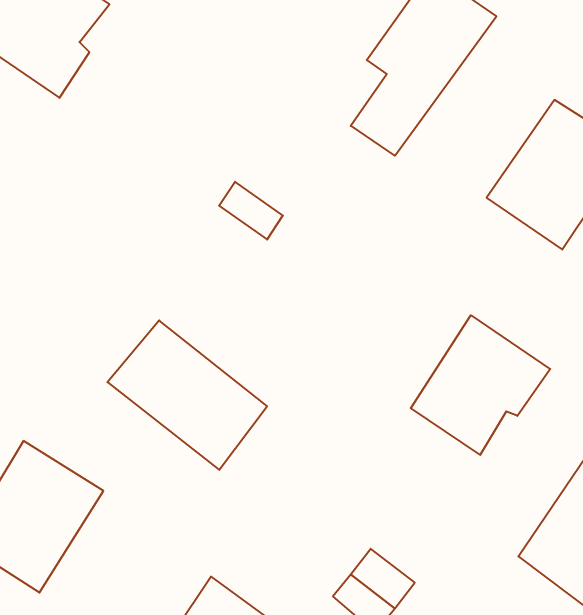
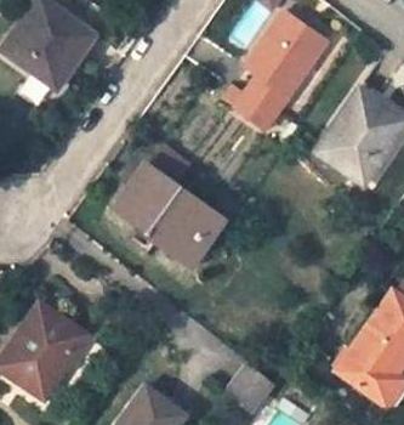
building: [411,315,550,455] -> none
building: [107,320,267,470] -> [113,168,210,259]

